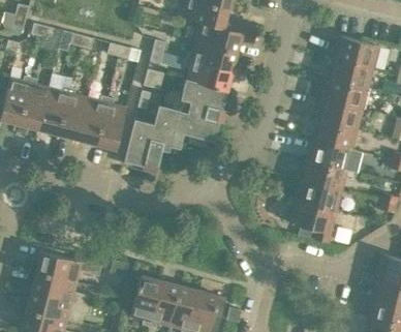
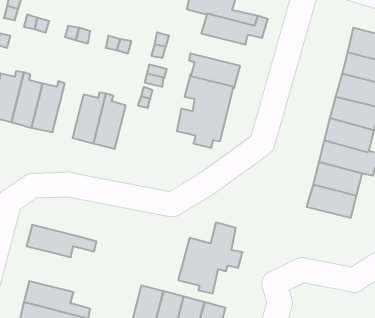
building: [186,40,238,70] -> none
building: [58,87,87,138] -> none
building: [124,105,184,172] -> [178,222,243,293]
building: [289,202,336,242] -> none
building: [36,251,101,281] -> [26,225,96,257]

